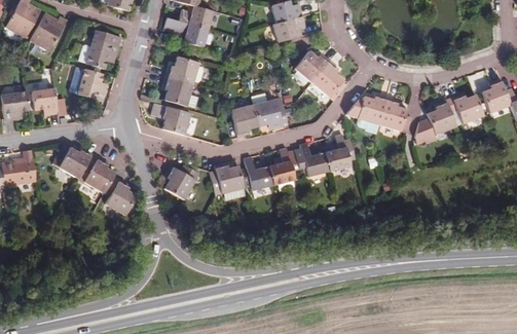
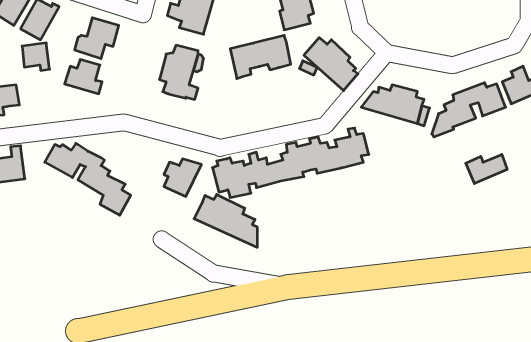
building: [34,89,60,115] -> [22,43,50,70]
building: [230,98,287,138] -> [230,35,291,79]
building: [150,103,189,134] -> none
building: none -> [466,154,507,184]
building: none -> [194,194,257,247]

